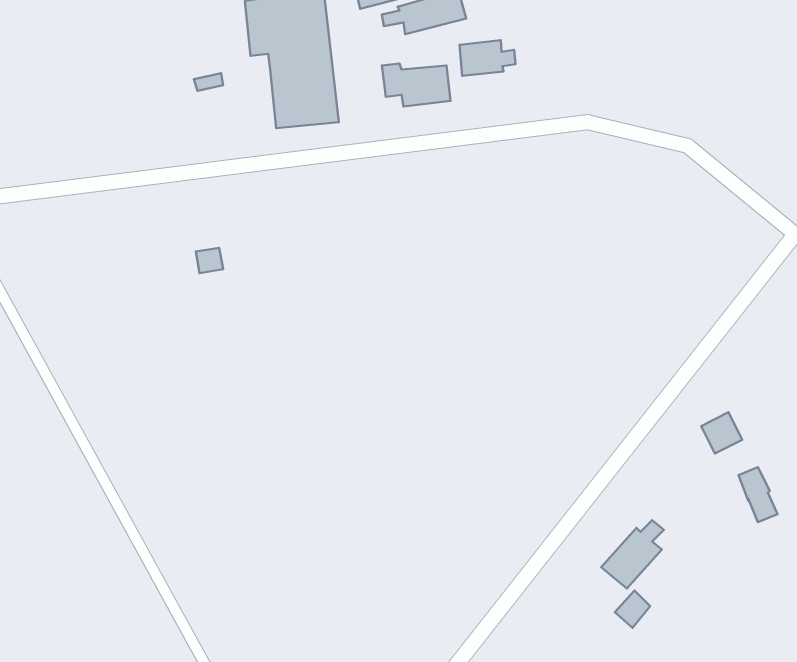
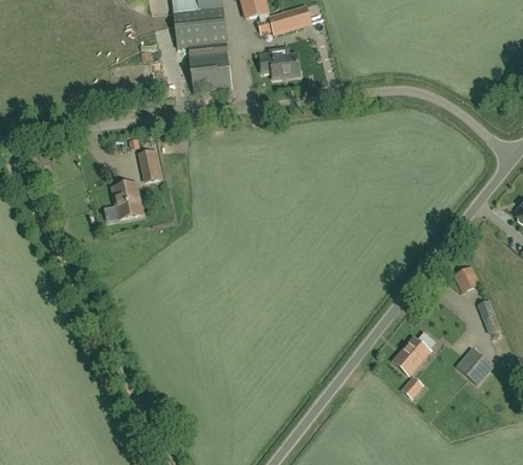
building: [460,40,515,76] -> none
building: none -> [111,182,141,217]
building: none -> [456,348,490,382]

